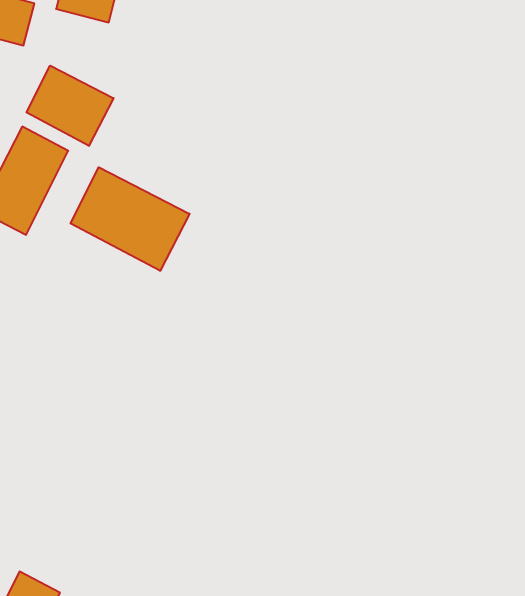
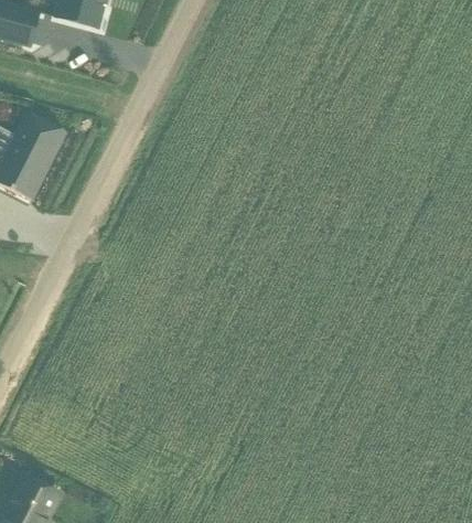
building: [27,66,114,146] -> none
building: [71,167,190,271] -> none

